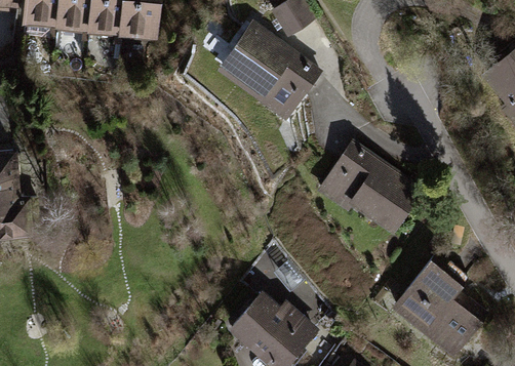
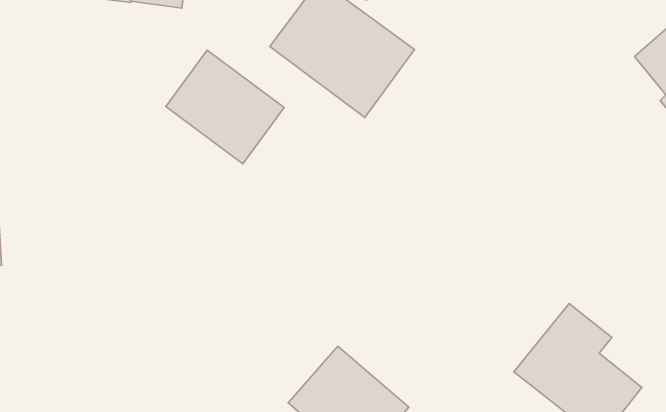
building: none -> [166,50,284,164]
building: [320,136,426,233] -> none

